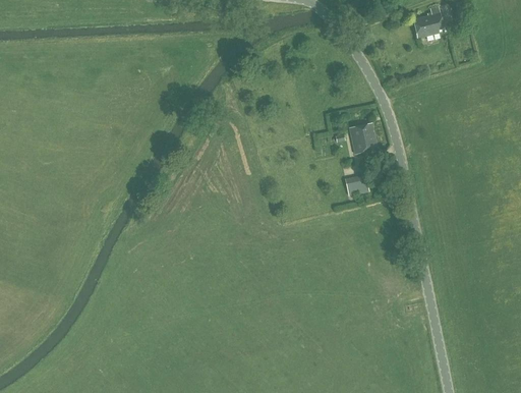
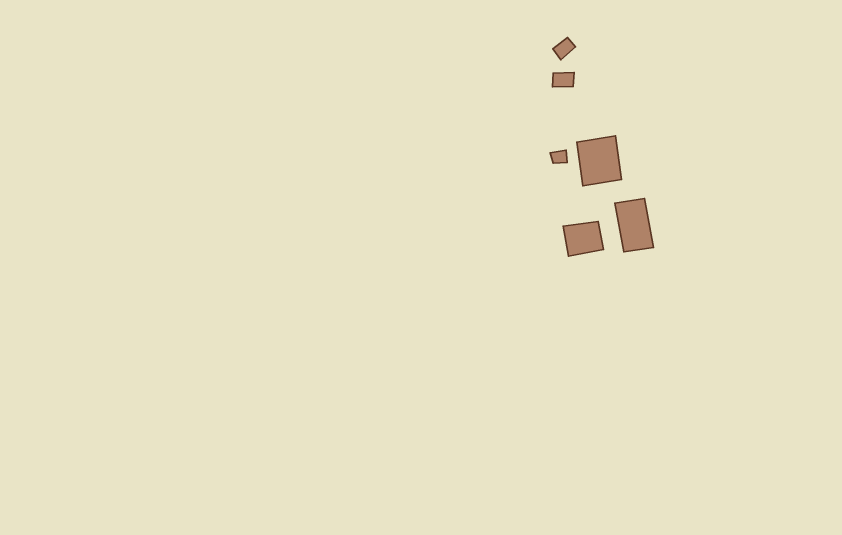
building: none -> [615,199,654,252]

